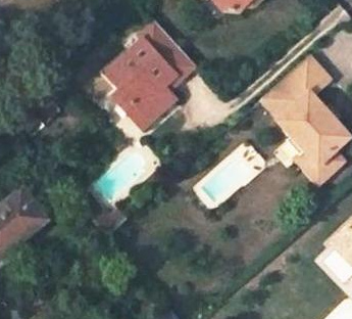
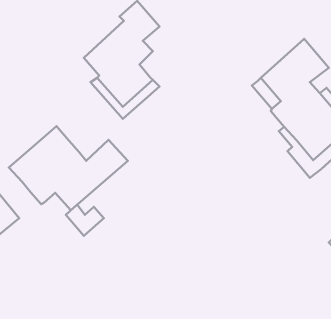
building: [158,44,196,91] -> none
building: none -> [9,126,128,210]

